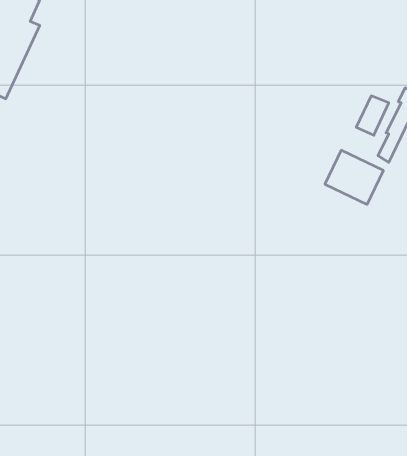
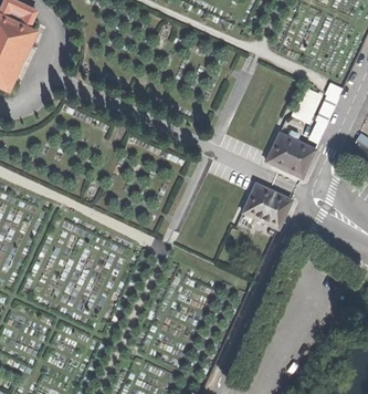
building: none -> [243,184,292,228]

